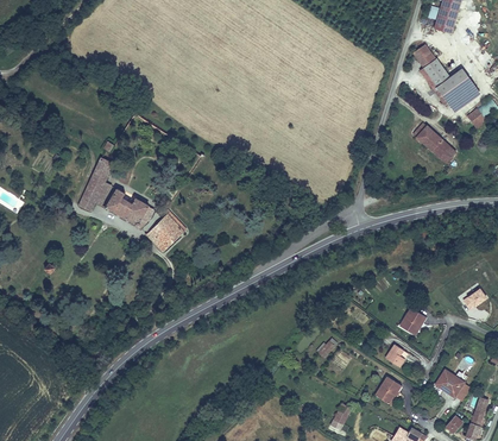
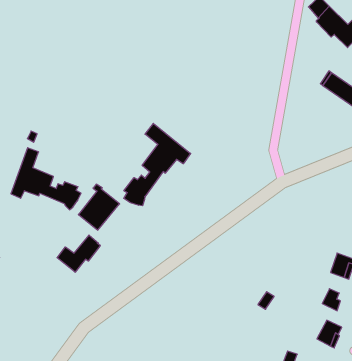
building: none -> [124,123,191,206]
building: none -> [57,235,100,272]

